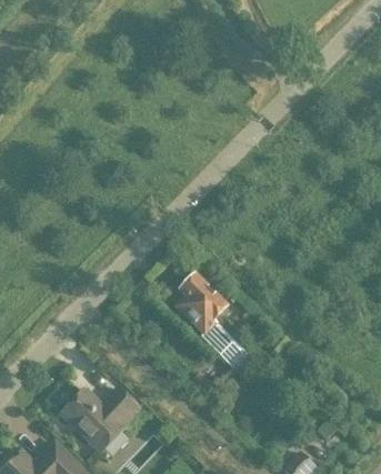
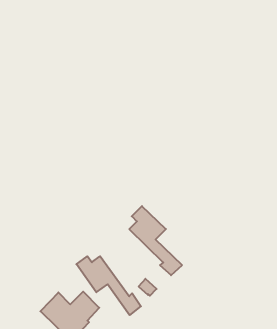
building: none -> [76,256,141,315]

